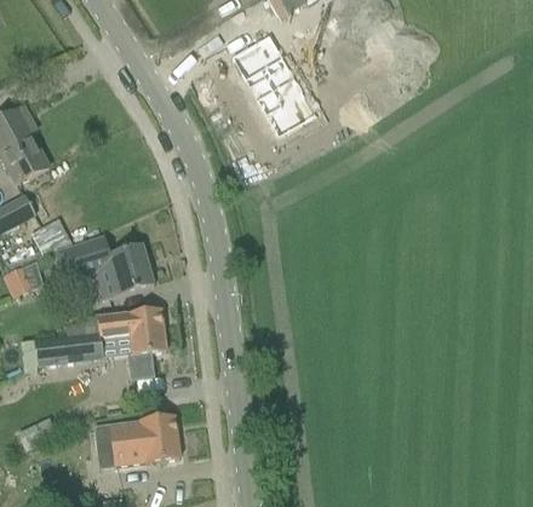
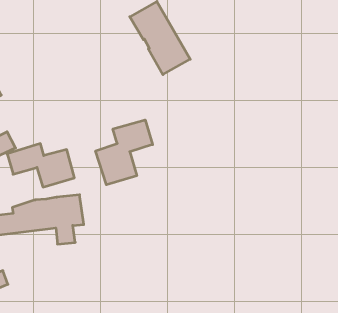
building: none -> [96,120,153,185]
building: [94,414,179,465] -> none

